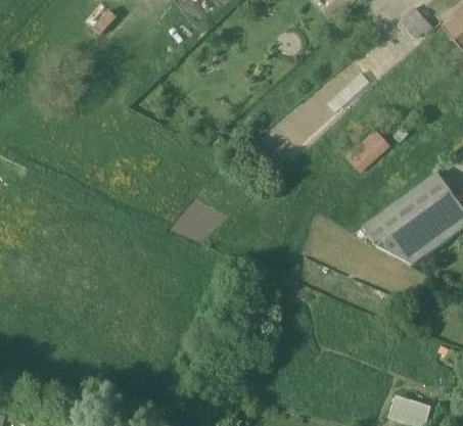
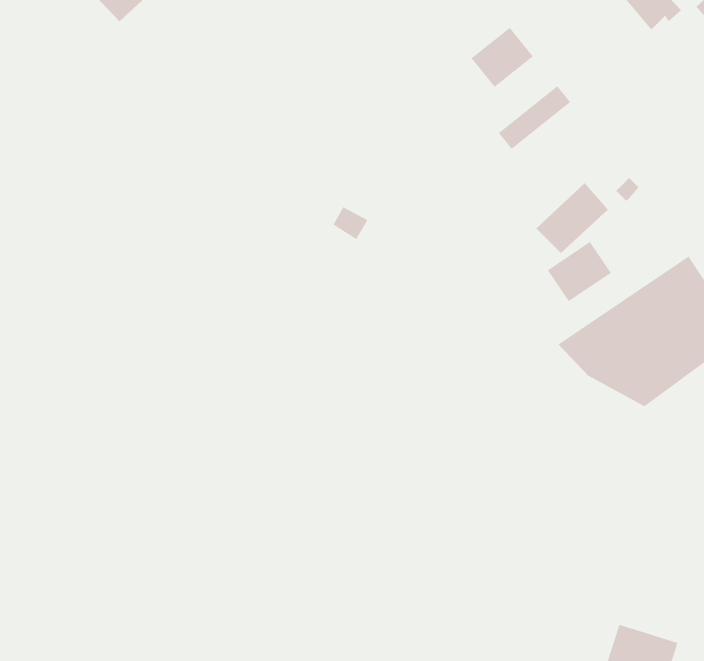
building: none -> [471,27,534,88]
building: none -> [547,241,612,302]

